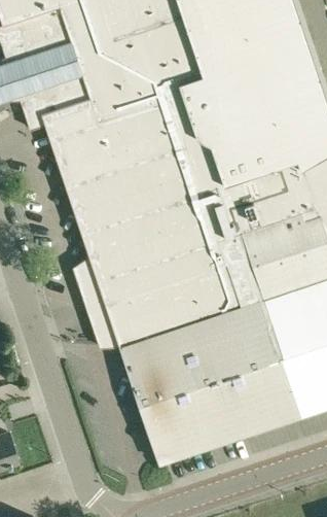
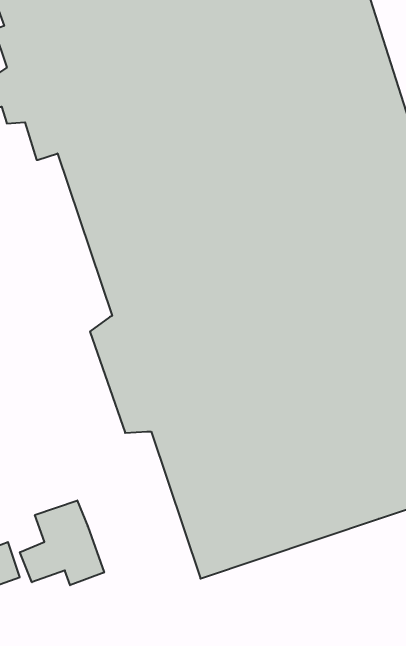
building: none -> [20,500,104,585]

